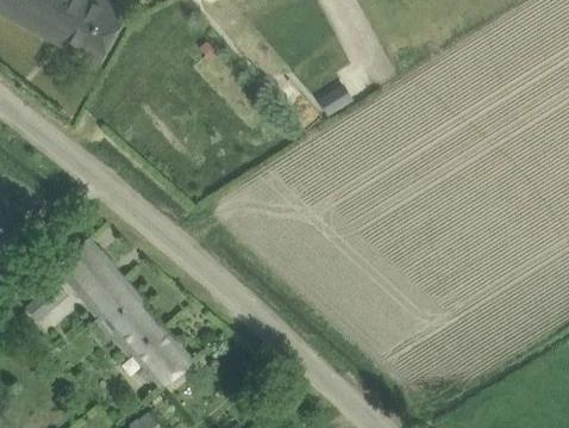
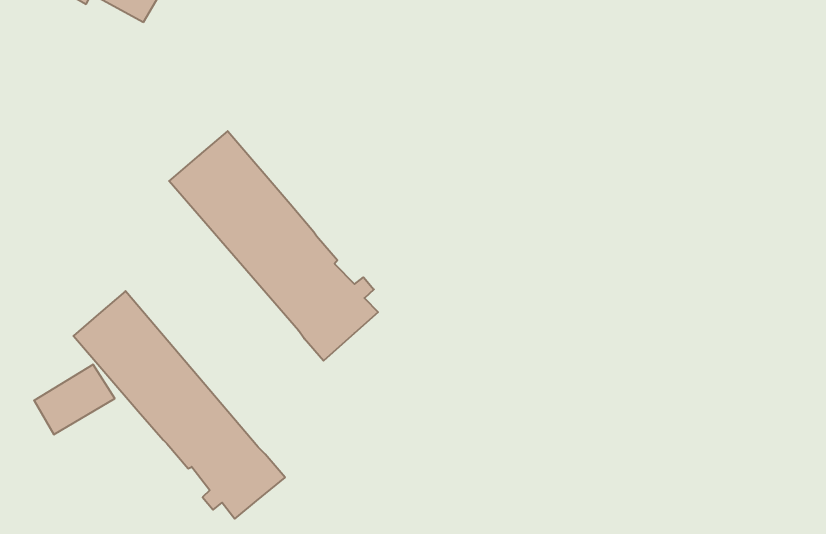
building: none -> [169,131,378,361]

